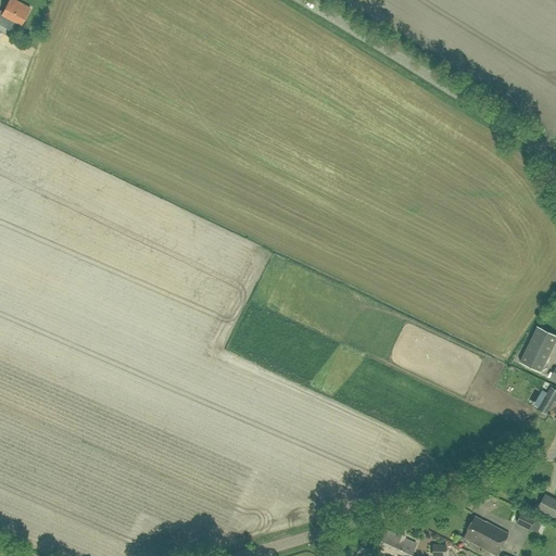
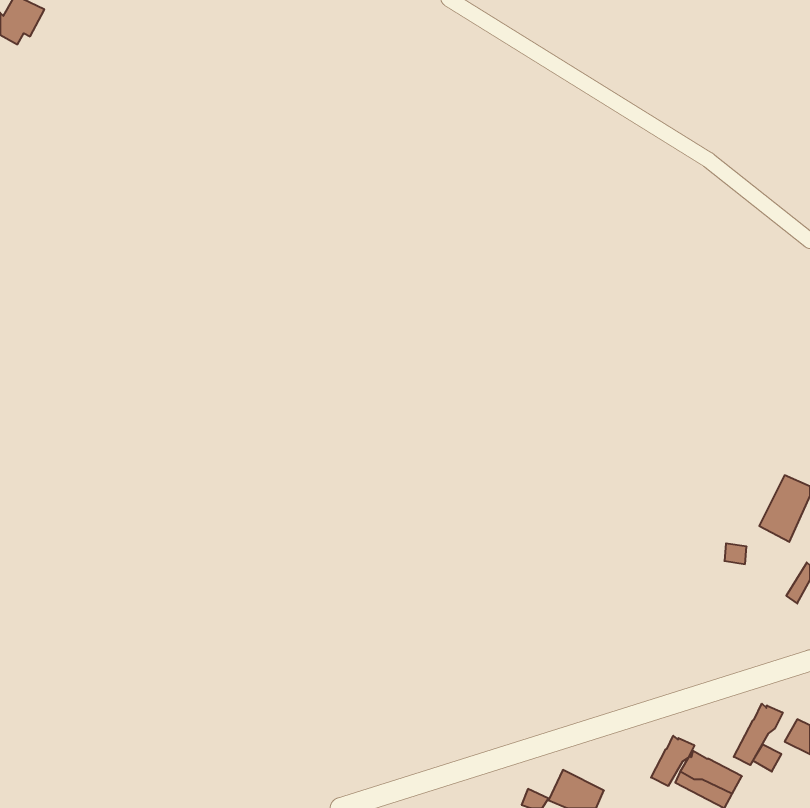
building: none -> [734,704,783,765]
building: none -> [651,736,694,786]

